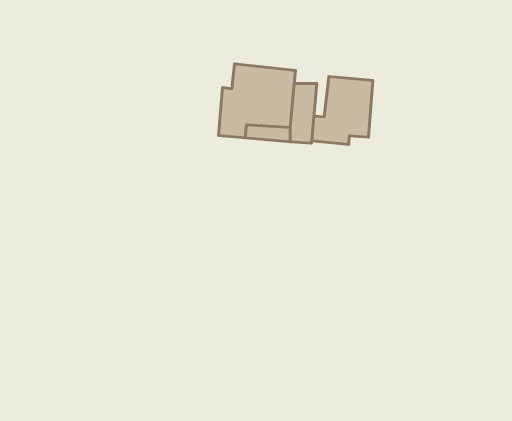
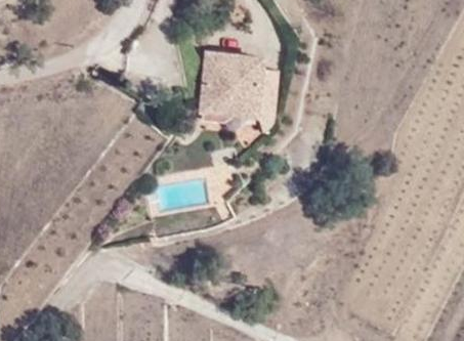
building: [312,76,373,144] -> none

